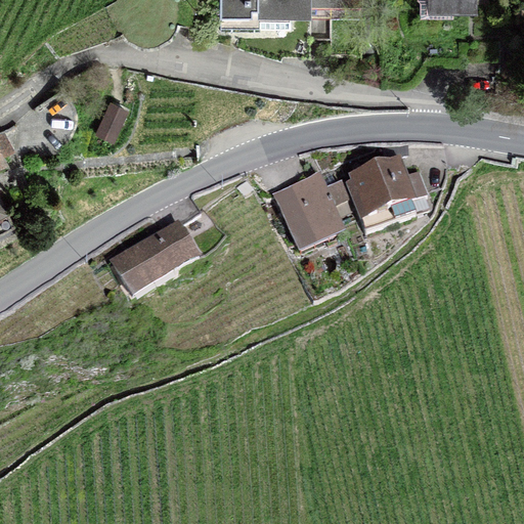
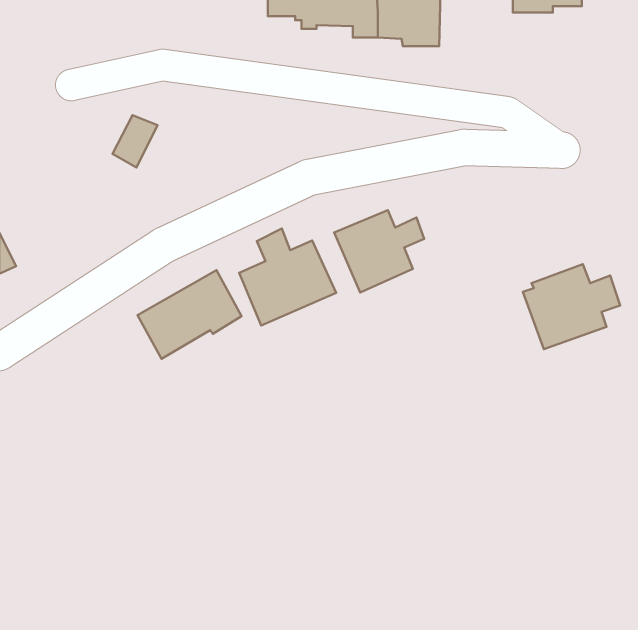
building: [346,159,426,228] -> [523,264,620,349]
building: none -> [239,229,336,325]

